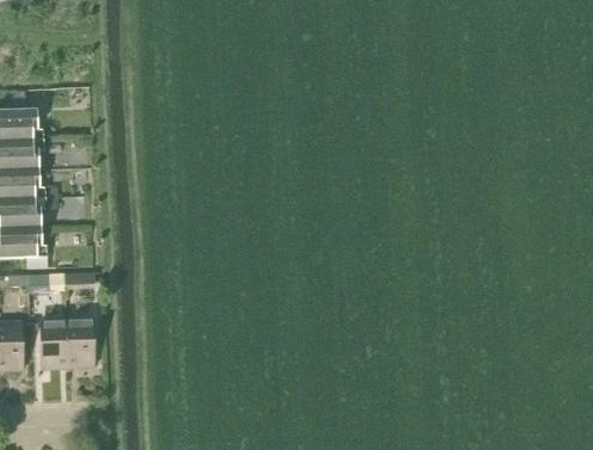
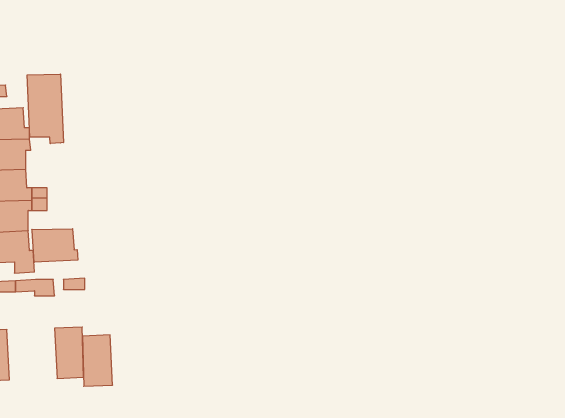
building: none -> [27,74,63,144]
building: none -> [32,229,78,262]
building: [41,320,69,369] -> [82,335,113,386]

